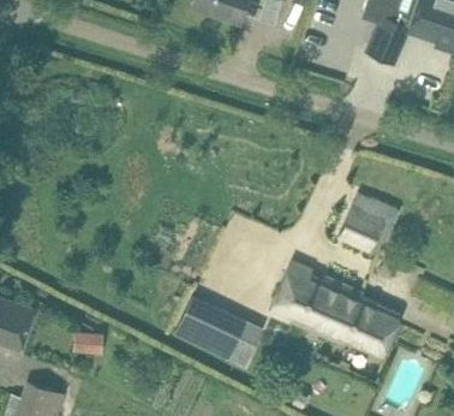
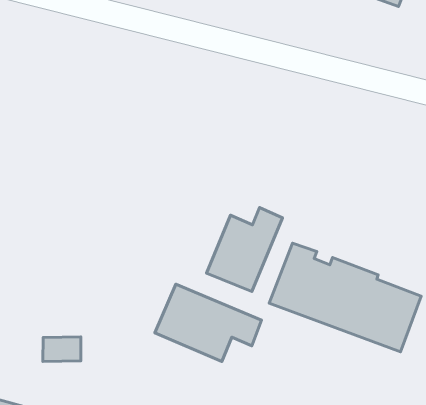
building: [340,194,399,254] -> none
building: none -> [206,207,283,292]

